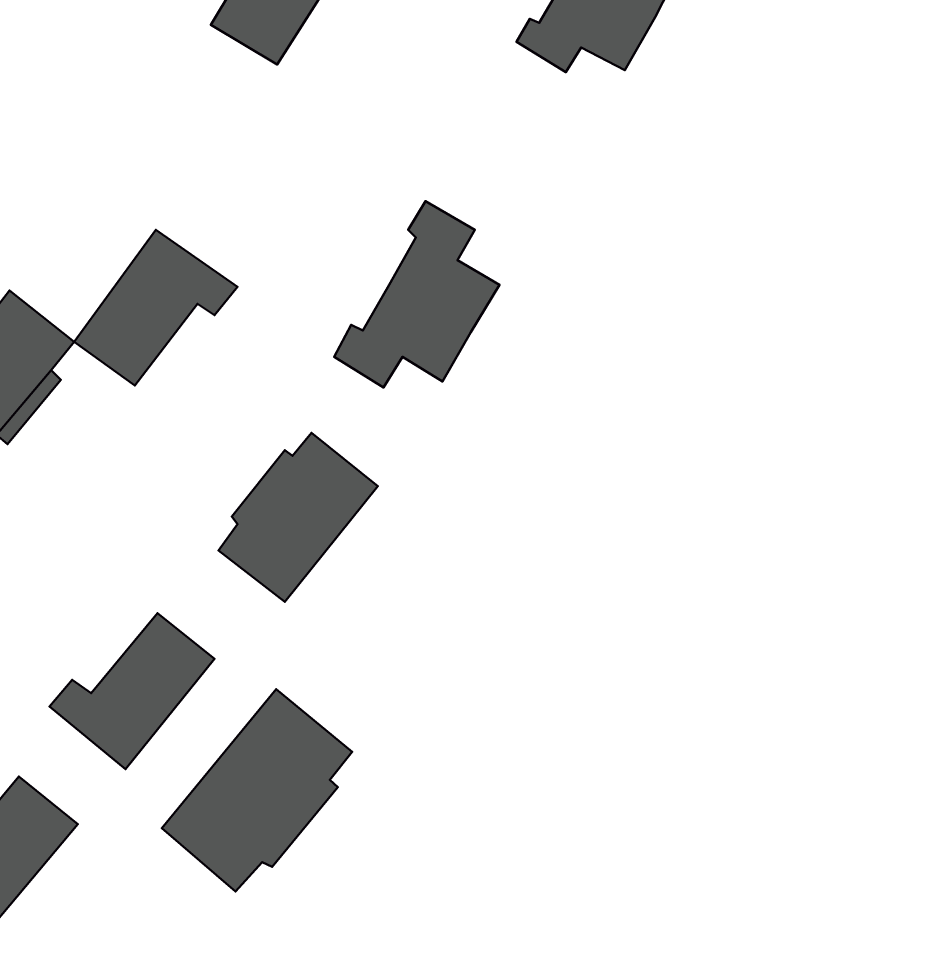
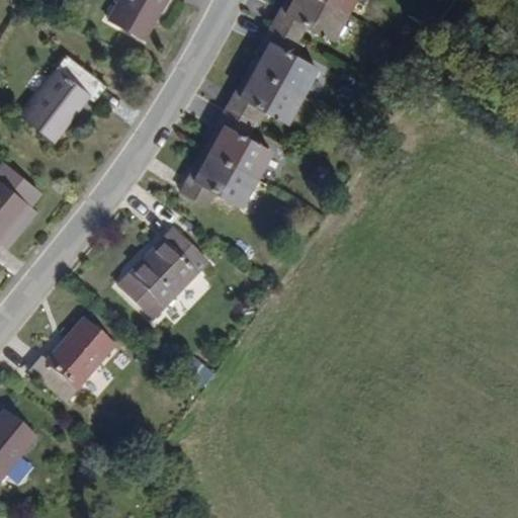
building: none -> [227,22,315,122]
building: [74,230,237,385] -> [27,49,114,132]
building: [162,689,352,891] -> none

